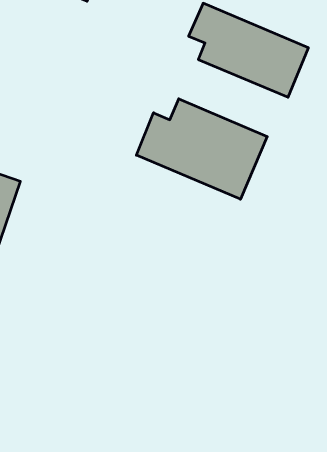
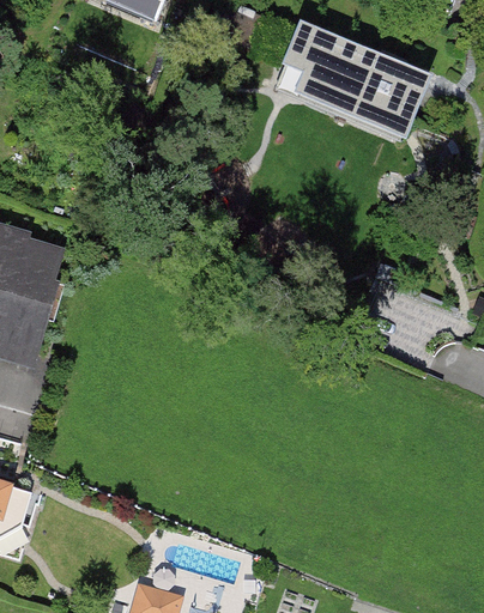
building: [136,99,267,199] -> none

